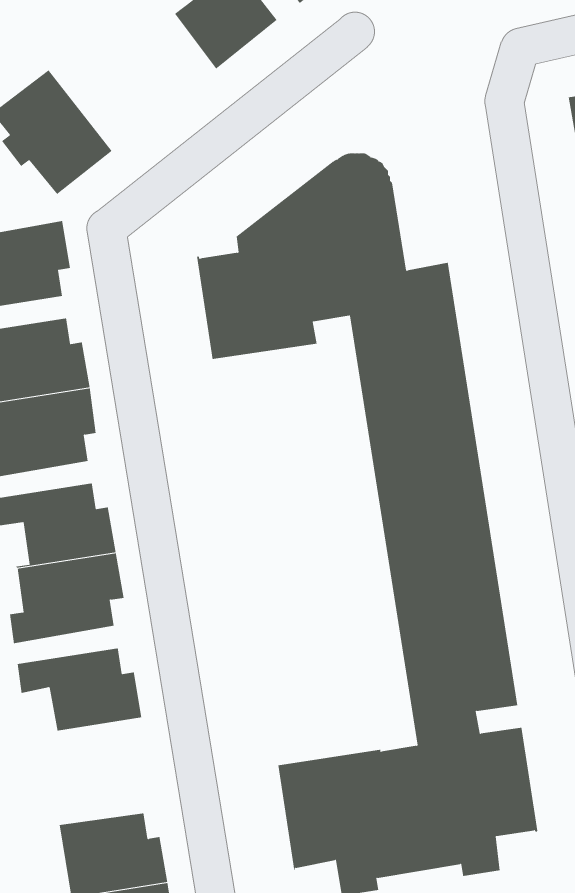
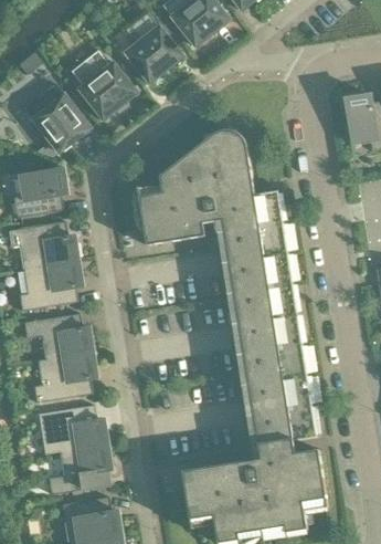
building: none -> [71,50,137,119]
building: none -> [47,443,112,493]

